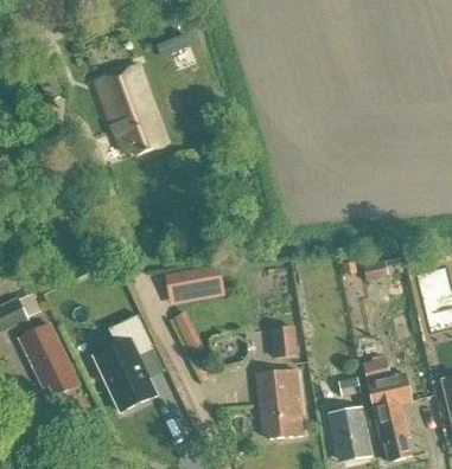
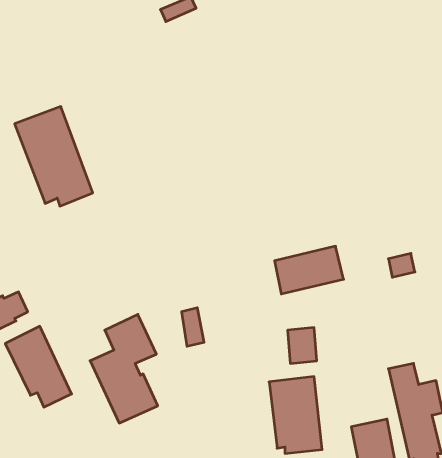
building: [96,65,166,154] -> [15,107,93,206]
building: [164,259,225,302] -> [275,246,344,294]

